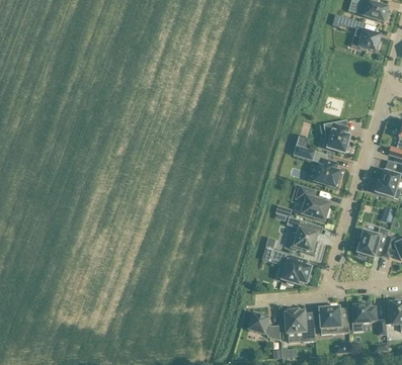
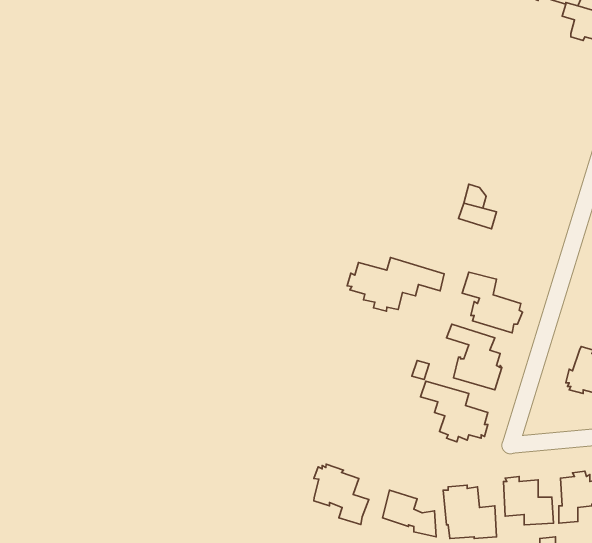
building: [324,119,350,153] -> none
building: [315,159,339,186] -> none
building: none -> [347,257,444,311]
building: none -> [314,464,369,525]

